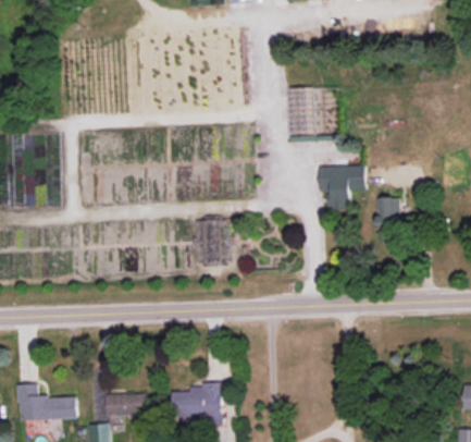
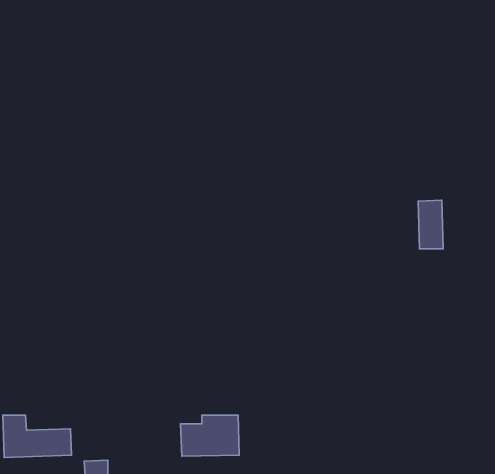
building: [318,165,364,209] -> none
building: [104,394,146,416] -> none

